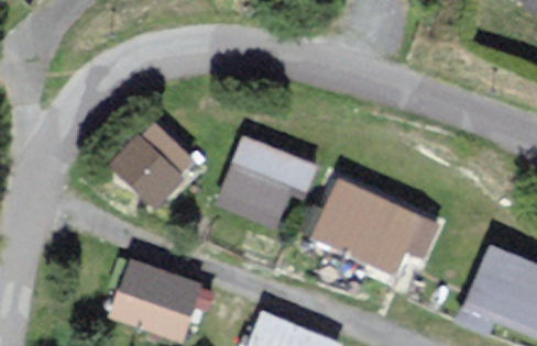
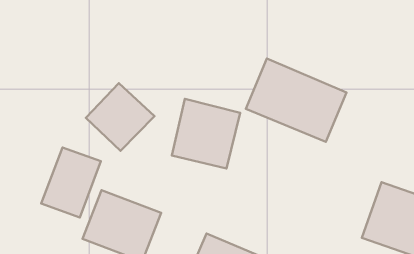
building: [307,177,435,282] -> [246,58,347,142]
building: none -> [41,147,101,217]

